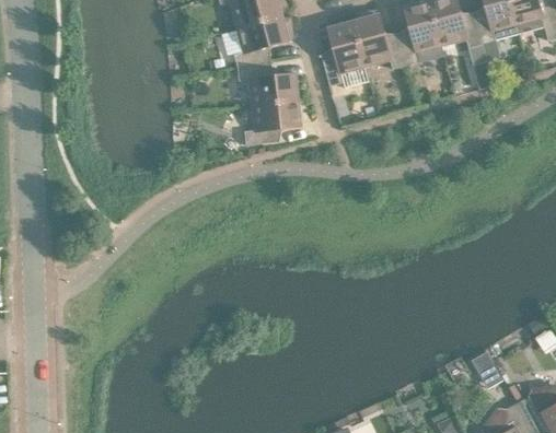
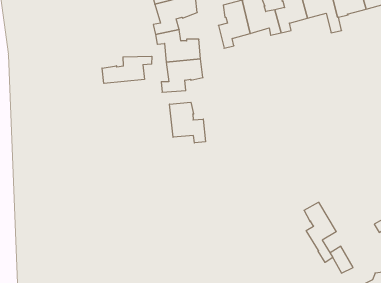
building: none -> [102,56,152,83]
building: none -> [170,102,205,143]
building: none -> [304,202,336,262]

